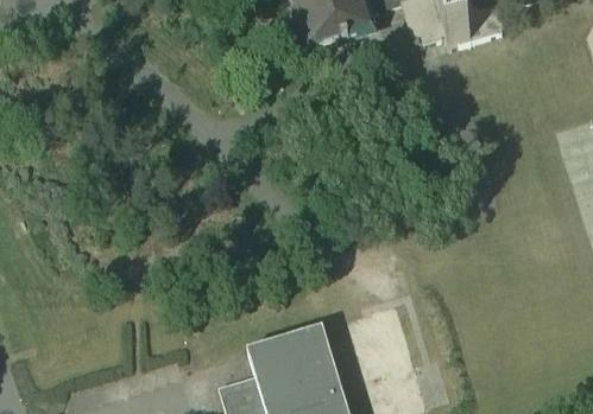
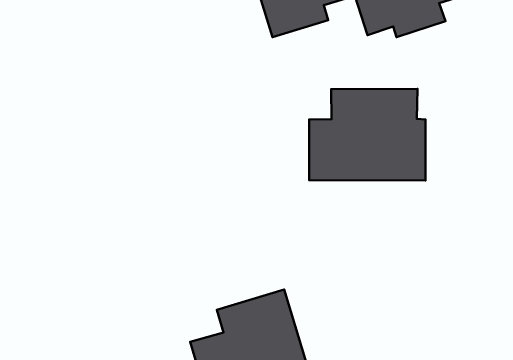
building: none -> [309,89,426,180]

